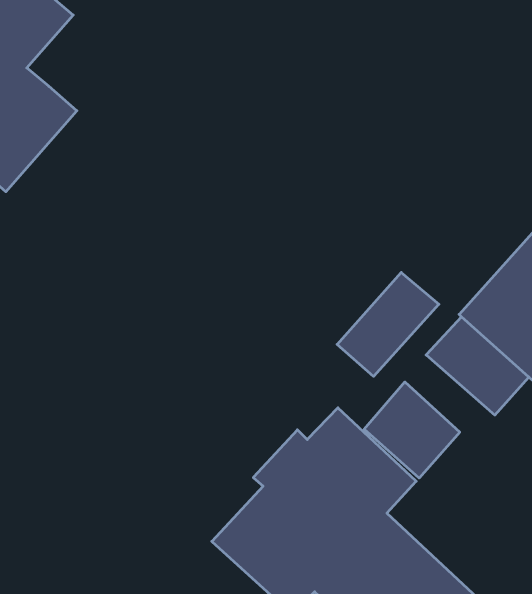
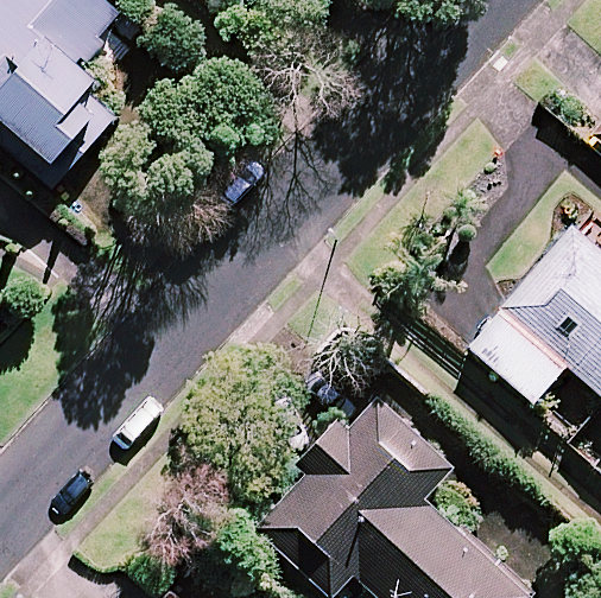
building: [337,272,439,376] -> none
building: [364,382,460,478] -> none

